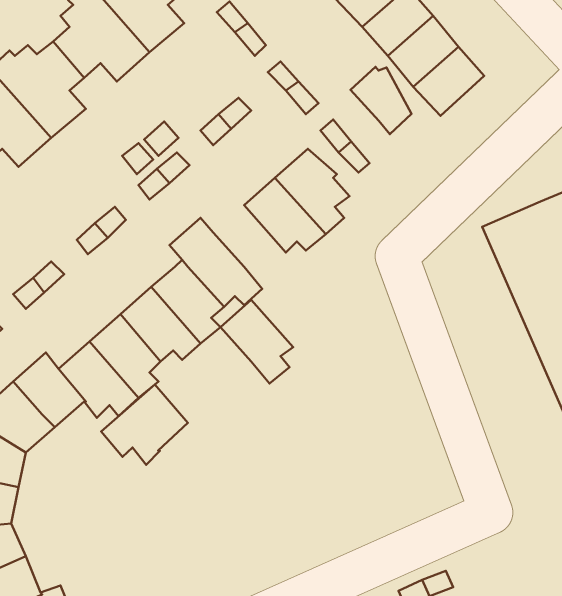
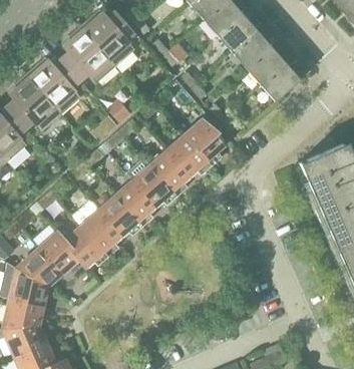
building: [351,67,412,134] -> none
building: [220,300,293,383] -> [149,149,190,196]
building: [101,385,188,465] -> none

